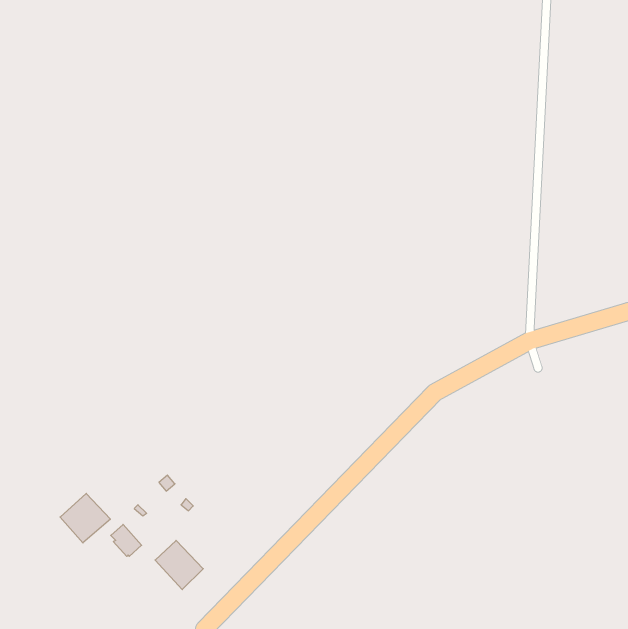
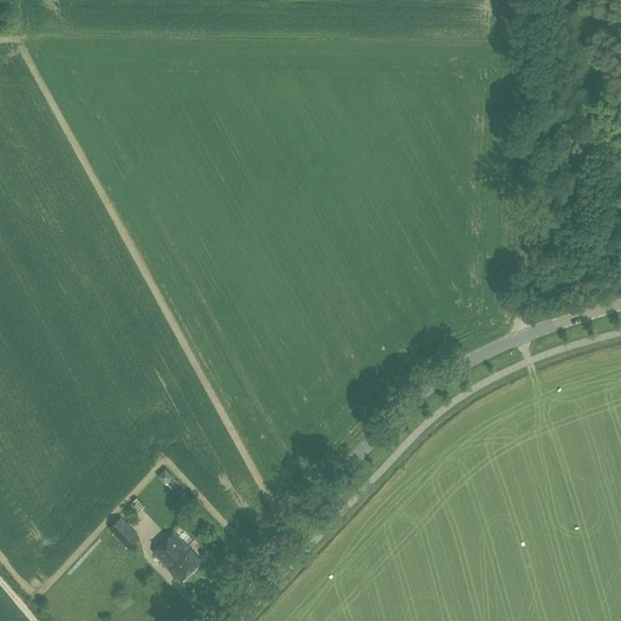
building: [60,493,110,543] -> none

